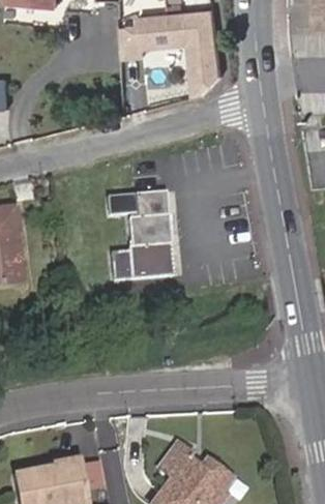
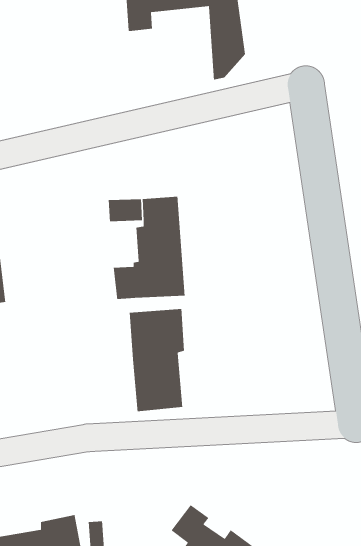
building: none -> [129,308,185,412]

